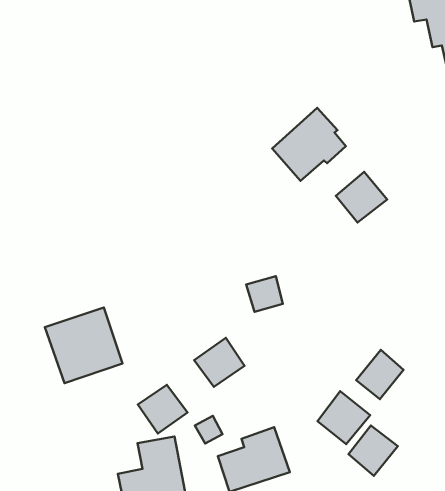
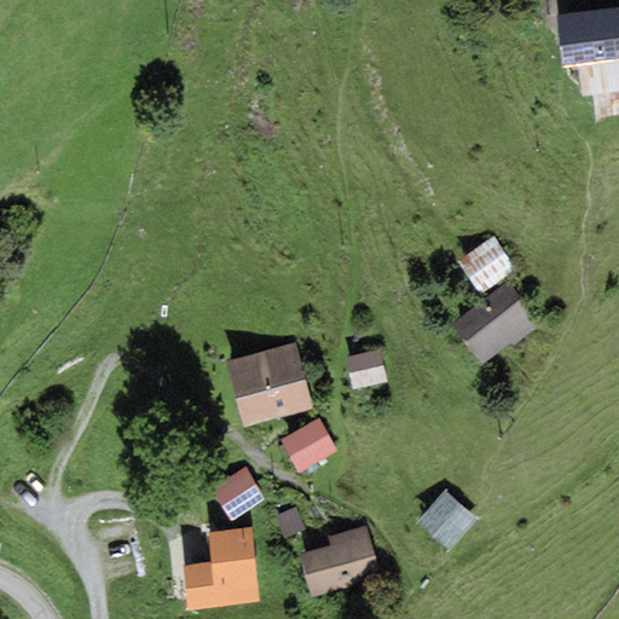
building: [272,108,346,181] -> [452,279,538,363]
building: [45,308,122,383] -> [225,341,312,426]
building: [356,350,403,399] -> none
building: [348,425,398,476] -> none

